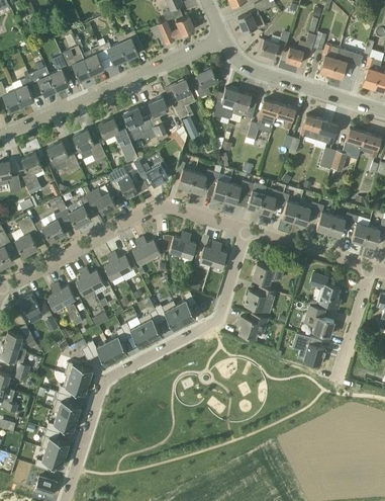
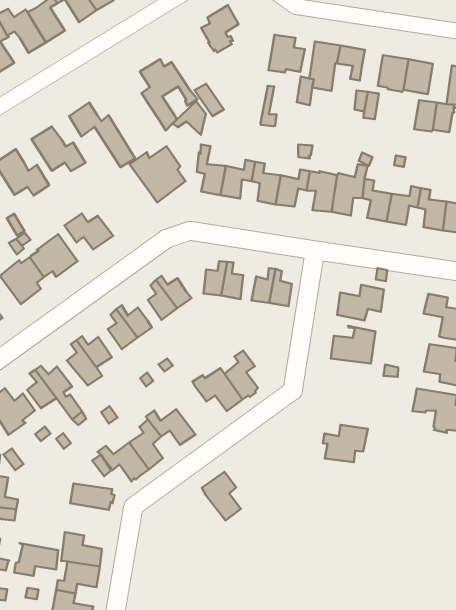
building: [165,80,195,119] -> none
building: [212,88,238,120] -> none
building: [122,108,160,148] -> none
building: [107,170,148,199] -> none
building: [138,311,162,342] -> [202,472,241,521]
building: [238,314,269,339] -> [323,425,368,462]
building: [58,374,88,397] -> [14,543,58,576]

